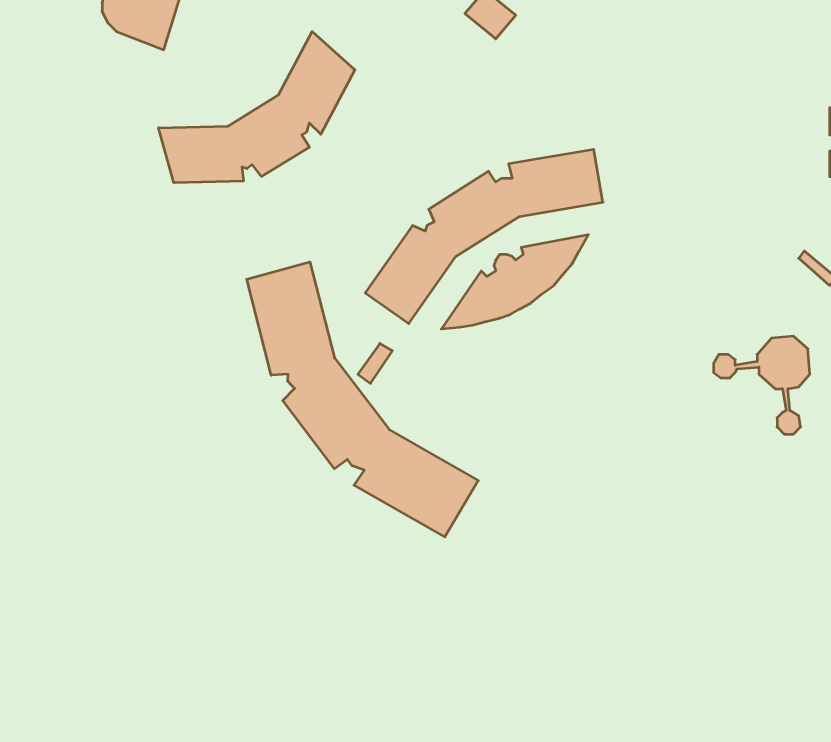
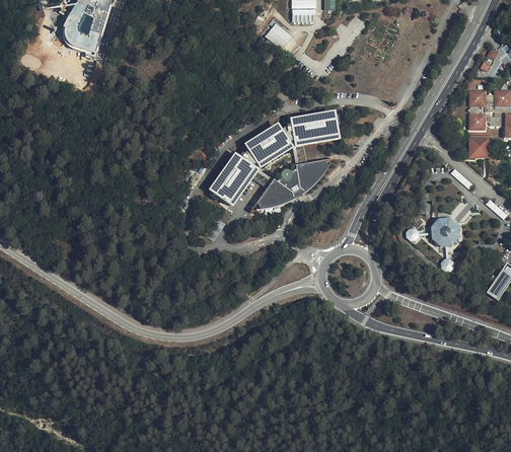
building: [159,32,355,183] -> none
building: [247,262,478,537] -> none

